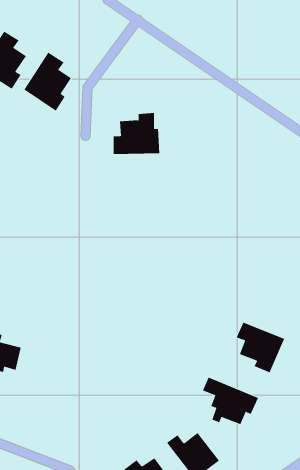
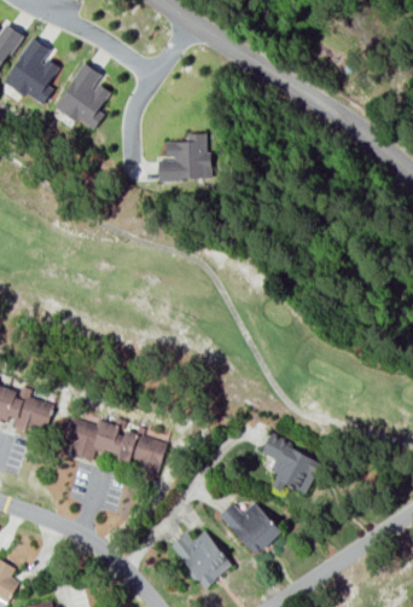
building: [236,322,285,373] -> none
building: none -> [65,417,167,475]

